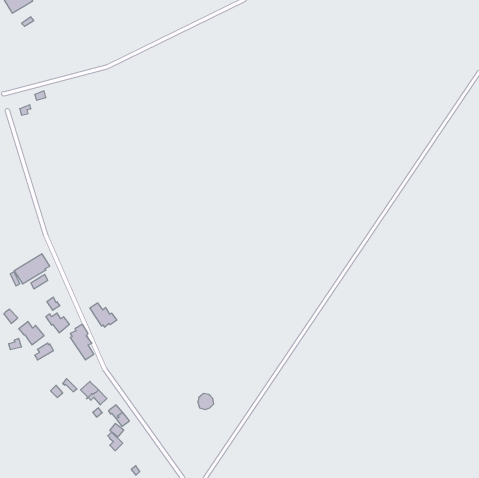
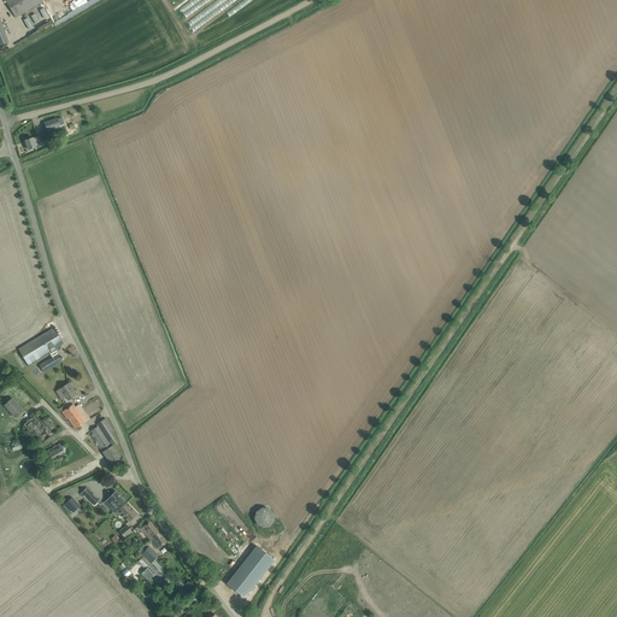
building: [90,303,117,327] -> none
building: none -> [227,545,275,597]

